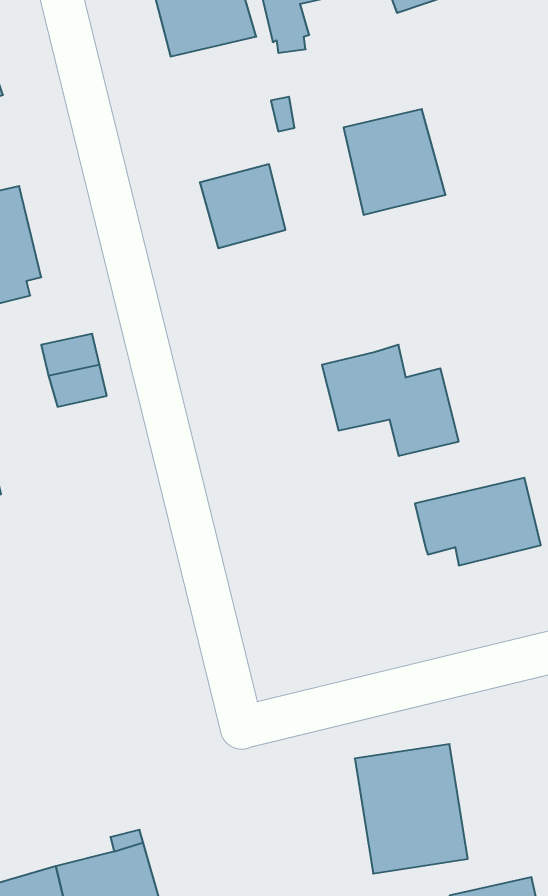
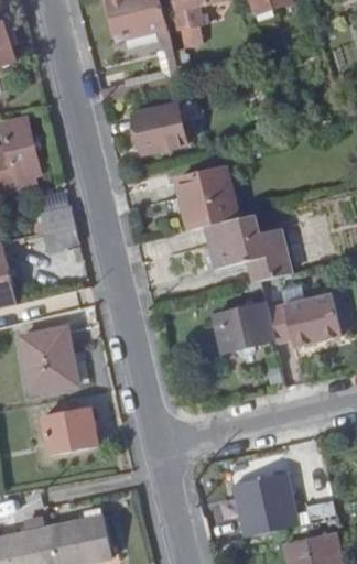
building: [344,109,446,215] -> [178,166,240,230]
building: none -> [214,301,271,349]
building: none -> [21,330,76,395]
building: none -> [43,410,94,455]

